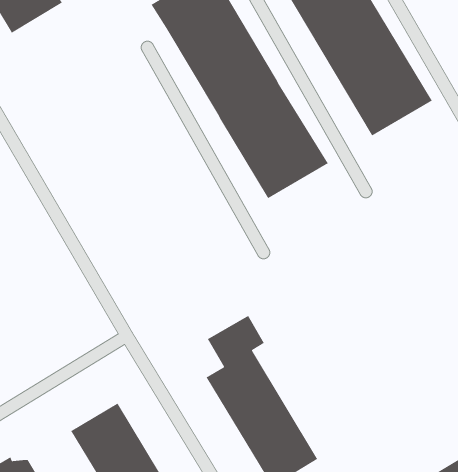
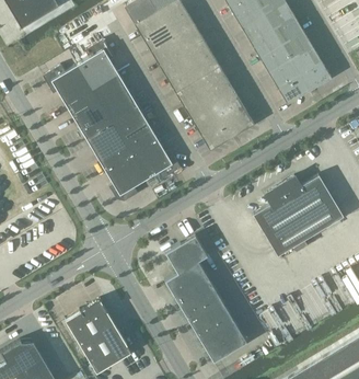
building: none -> [43,39,181,202]
building: none -> [253,175,344,256]

